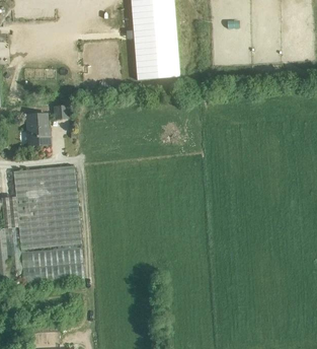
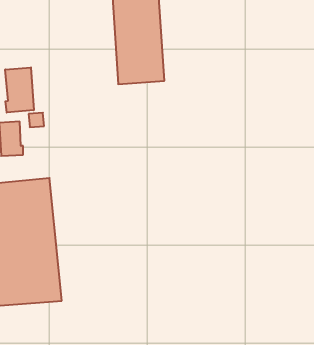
building: none -> [5,67,34,113]

